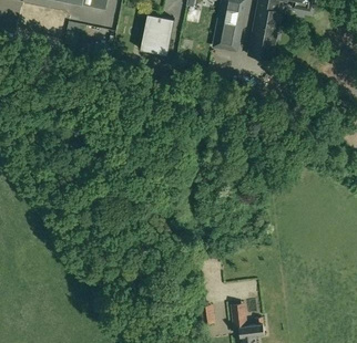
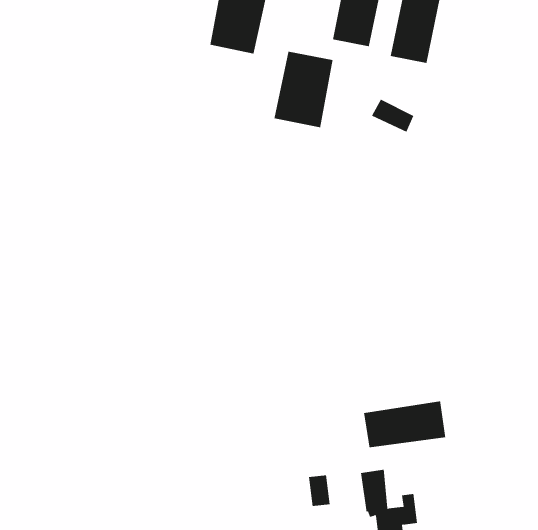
building: none -> [274,51,333,128]
building: none -> [364,401,446,448]

